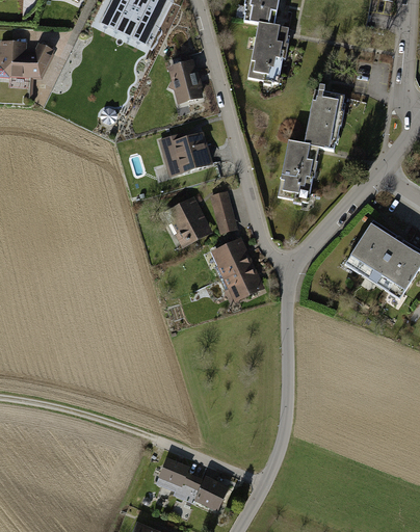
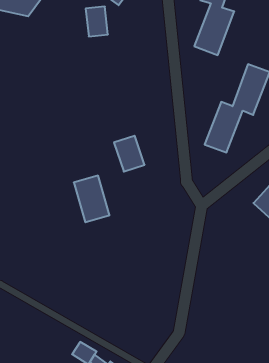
building: [169,61,202,101] -> [86,7,108,36]
building: [161,134,211,175] -> none
building: [212,191,236,230] -> none
building: [214,240,264,299] -> [74,176,110,222]

